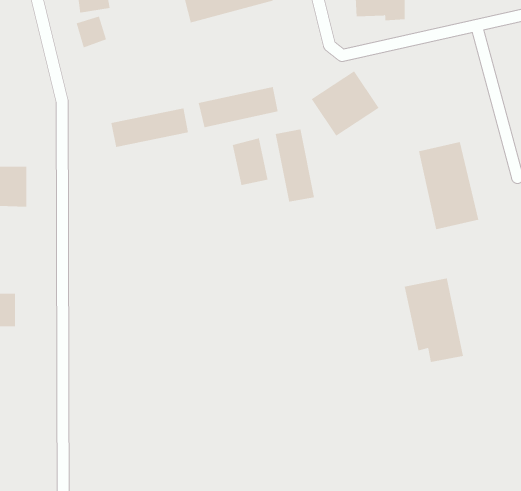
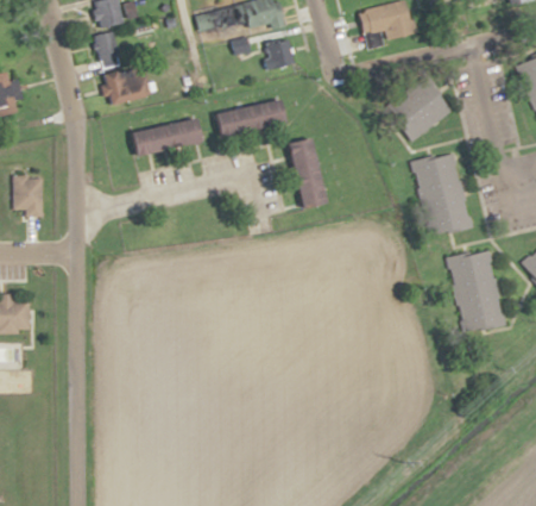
building: none -> [266,39,292,65]
building: none -> [101,67,150,106]
building: [311,70,379,136] -> [384,79,449,142]
building: [232,137,268,186] -> none
building: [404,278,464,362] -> [454,250,511,331]

